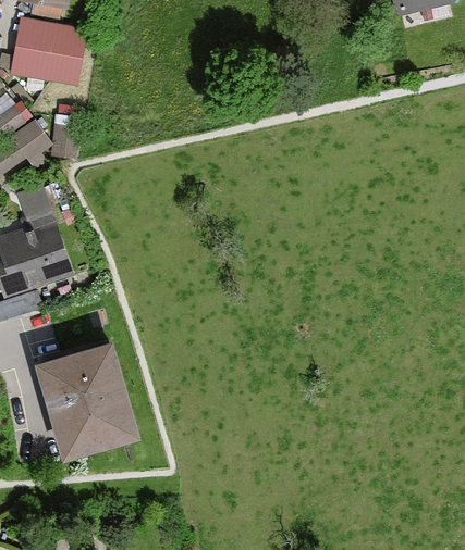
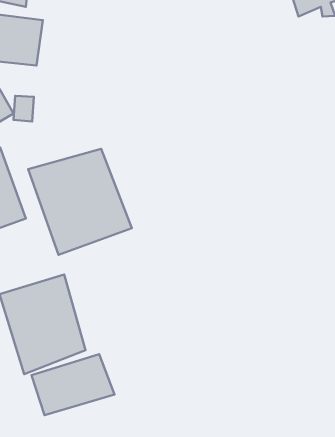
building: none -> [28,149,132,255]
building: none -> [31,354,115,415]

